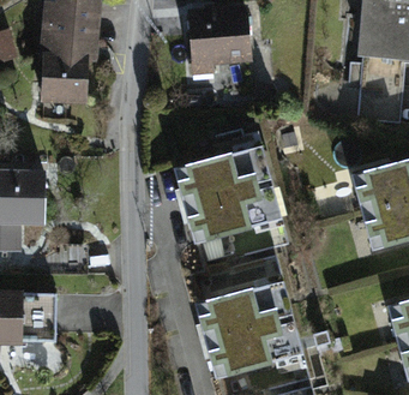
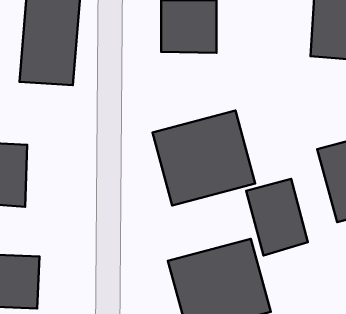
building: none -> [246,179,308,256]

